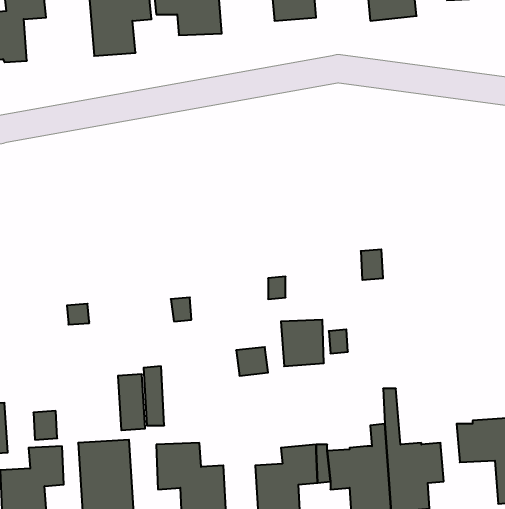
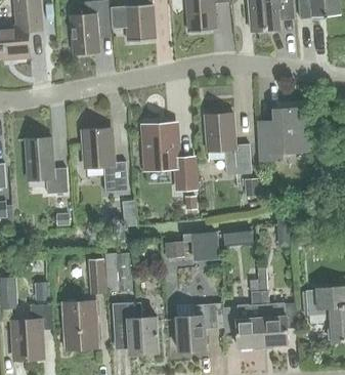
building: none -> [260,108,306,160]
building: none -> [204,113,251,174]
building: none -> [143,123,195,190]
building: none -> [82,128,127,192]
building: none -> [25,137,68,194]

